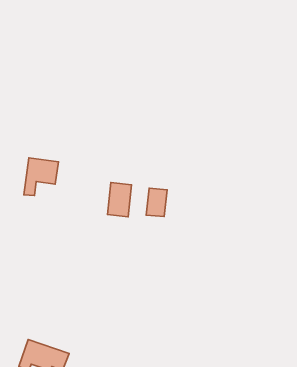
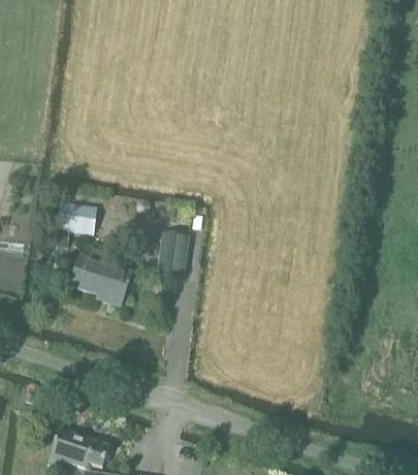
building: [146,188,167,217] -> none
building: none -> [70,249,132,305]

